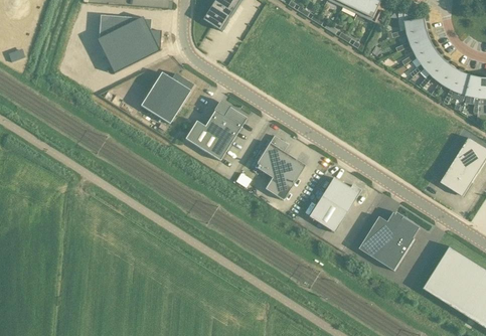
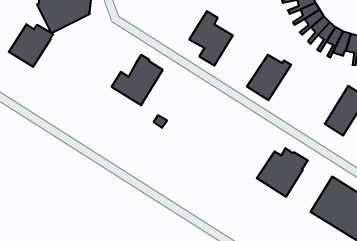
building: [140,71,193,123] -> [9,24,53,67]
building: [253,135,305,200] -> [189,11,233,66]
building: [307,177,360,231] -> [247,55,291,100]

